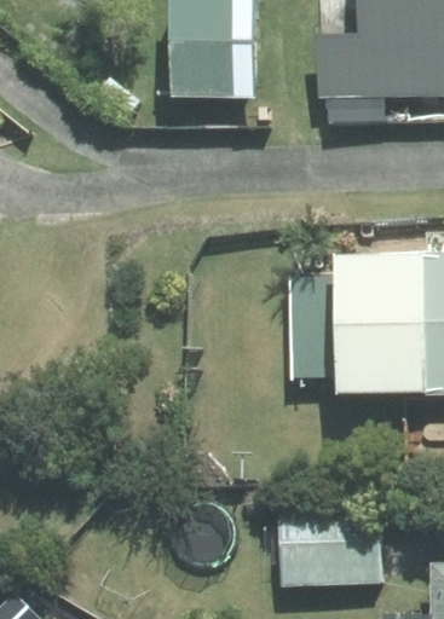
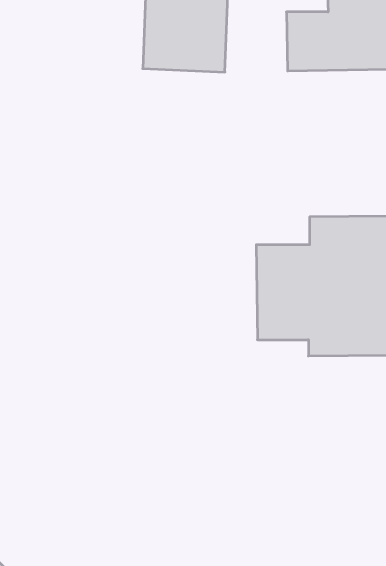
building: [276,499,377,584] -> none

